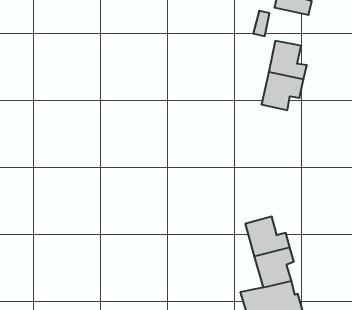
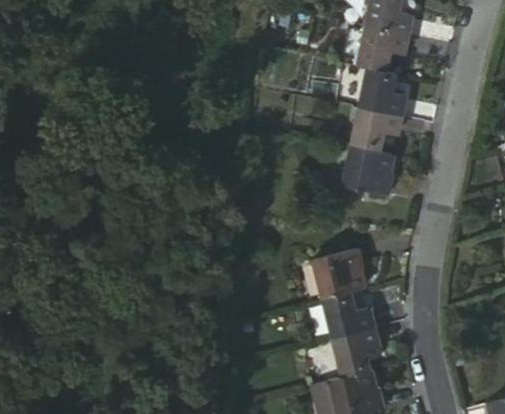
building: none -> [352,31,403,76]
building: none -> [336,150,388,202]
building: none -> [312,242,371,298]

